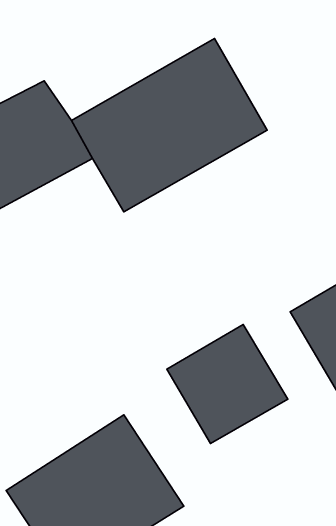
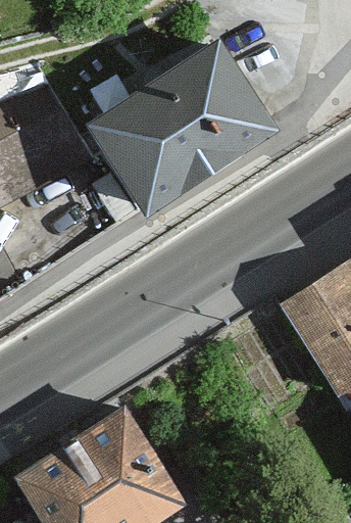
building: [167,324,288,444] -> none

